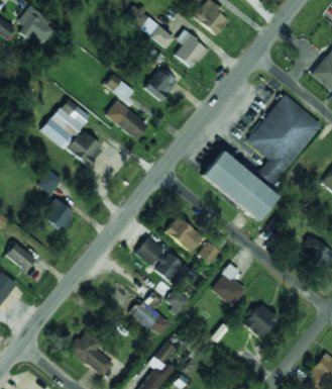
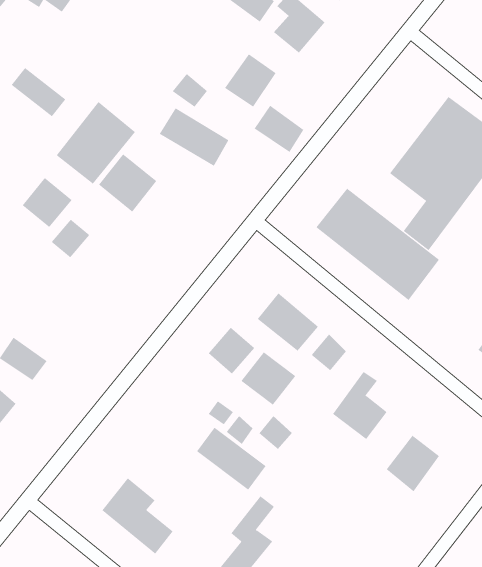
building: none -> [11,67,66,117]
building: none -> [254,105,304,153]
building: [43,199,75,230] -> [22,177,72,228]

